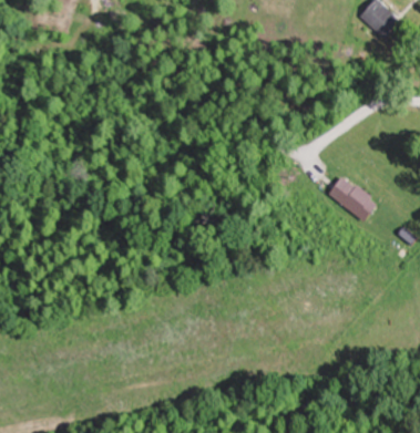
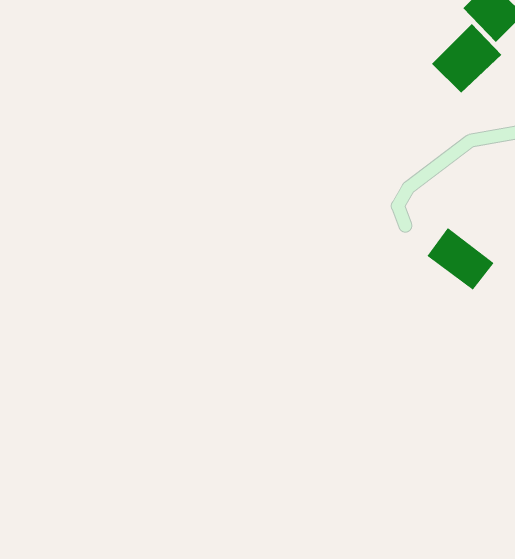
building: none -> [431,23,502,94]

